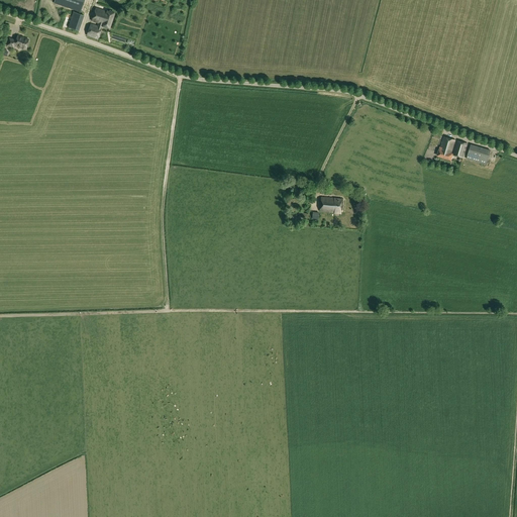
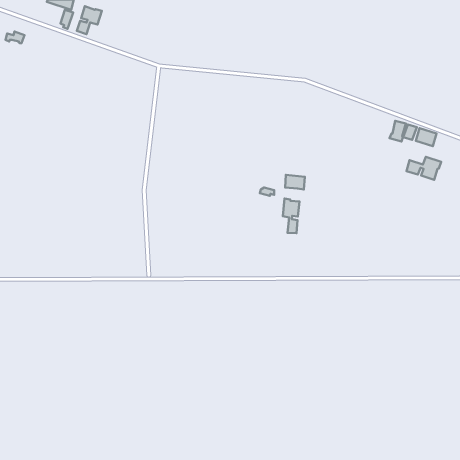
building: none -> [406,157,441,180]
building: none -> [283,198,300,233]

